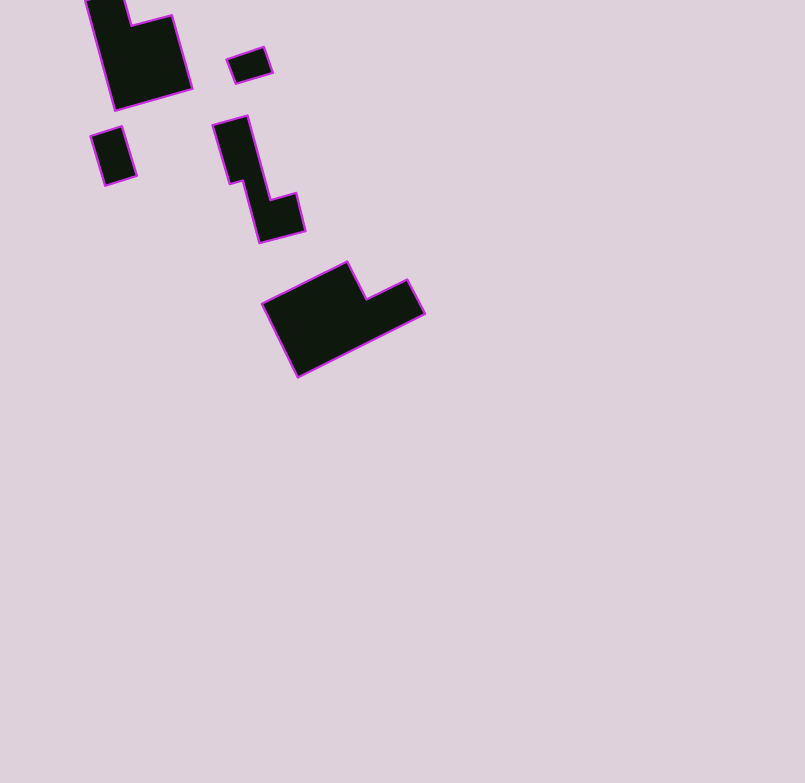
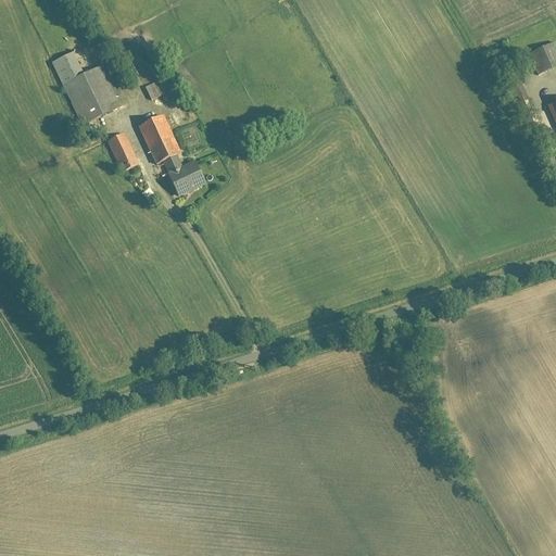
building: [90,126,137,186] -> [106,131,138,169]
building: [262,262,425,378] -> none

